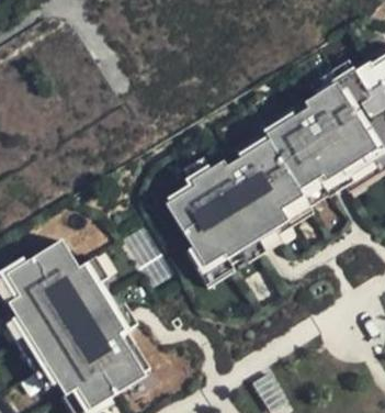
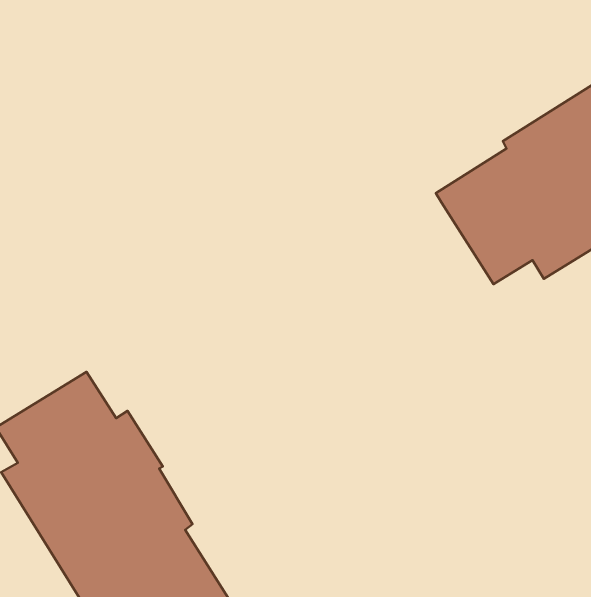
building: [166,139,302,266] -> none

